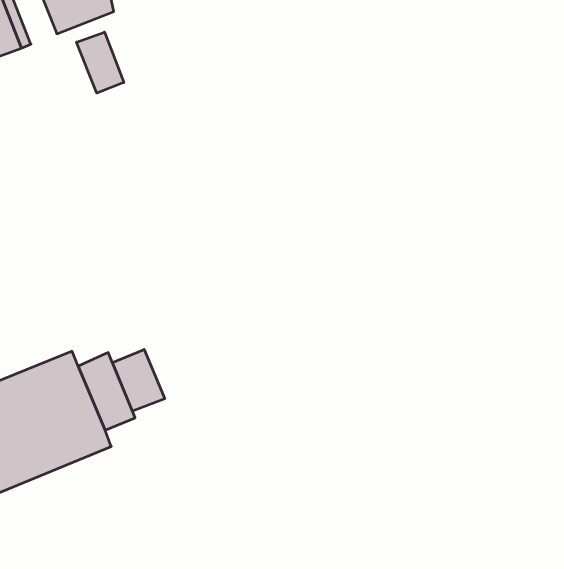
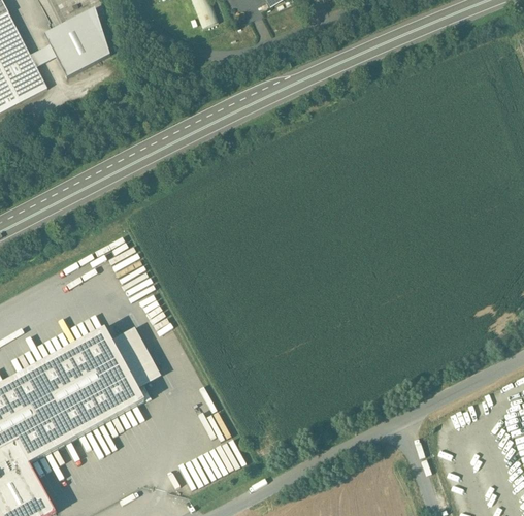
building: [77,32,124,93] -> none
building: [113,349,165,411] -> none

